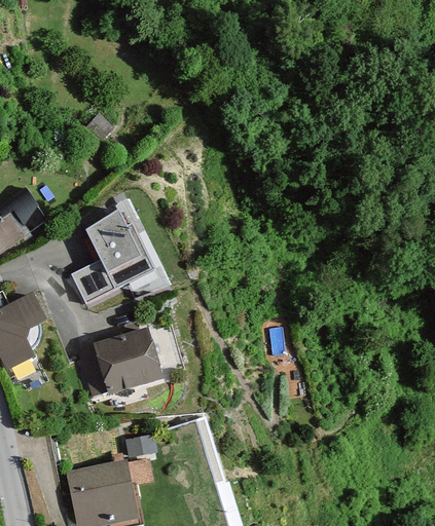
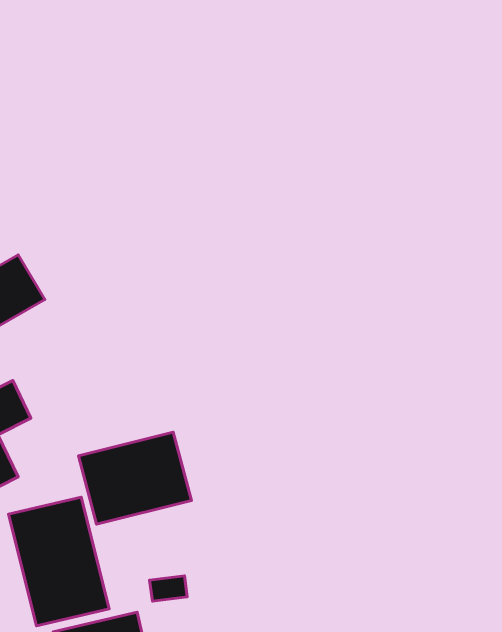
building: [75,209,151,300] -> none
building: none -> [8,497,109,626]

